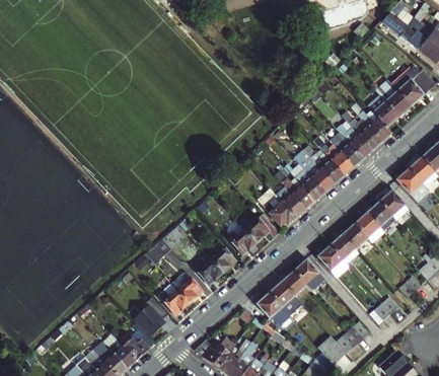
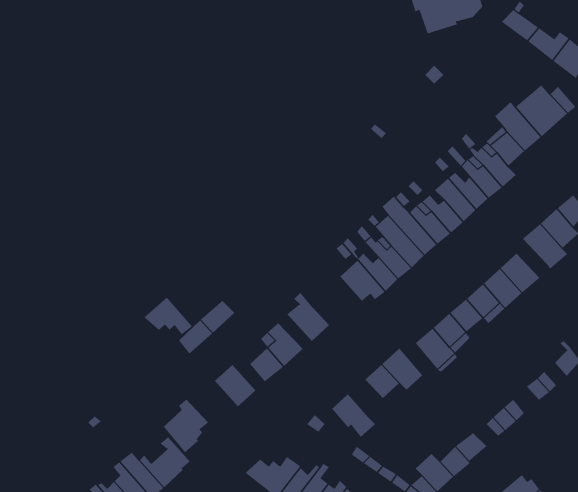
building: [244,213,282,242] -> none
building: none -> [144,297,192,335]
building: [270,282,297,309] -> none
building: [158,283,190,314] -> none

